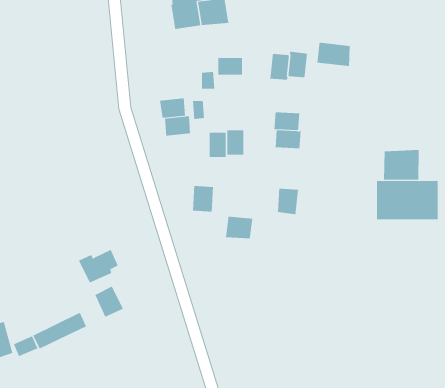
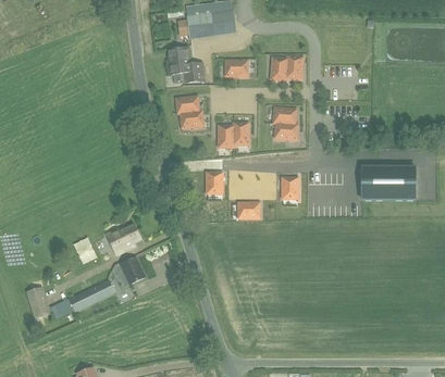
building: none -> [168,47,194,83]
building: [317,42,350,67] -> none
building: [383,149,419,181] -> none

